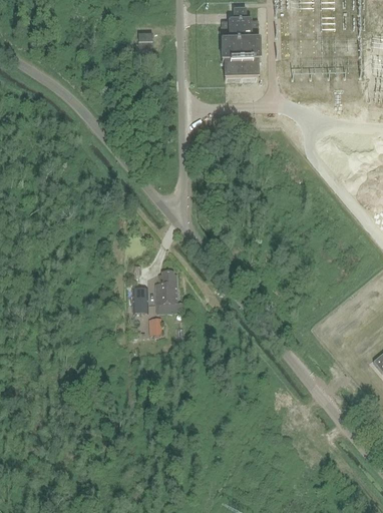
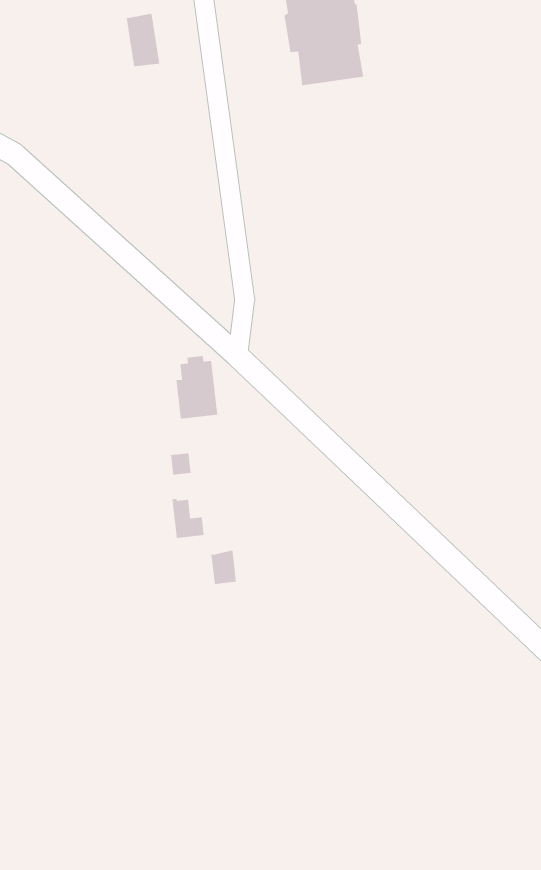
building: [156,270,176,302] -> [175,355,218,420]

